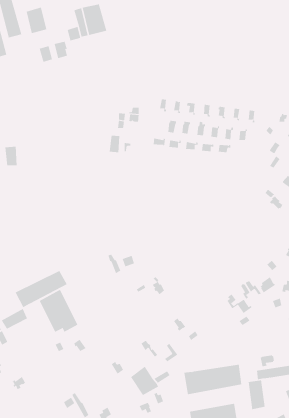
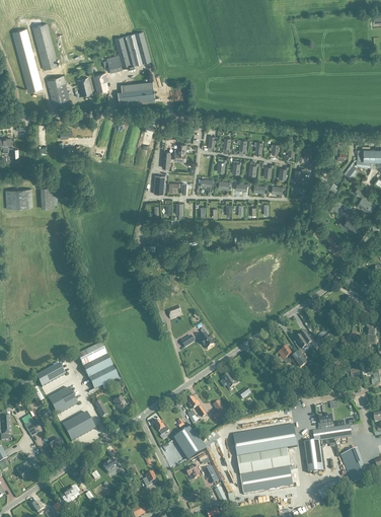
building: [26,7,47,34] -> [46,74,69,103]
building: none -> [117,87,154,105]
building: [15,270,67,308] -> none
building: none -> [48,387,77,415]
building: none -> [62,412,95,441]
building: none -> [236,449,289,475]

